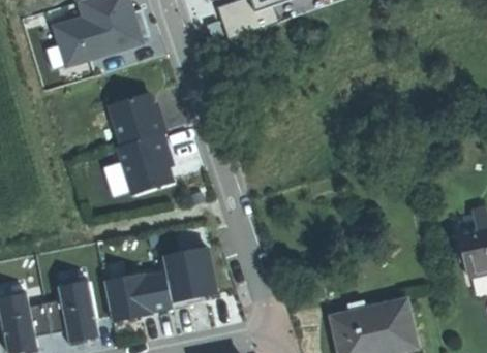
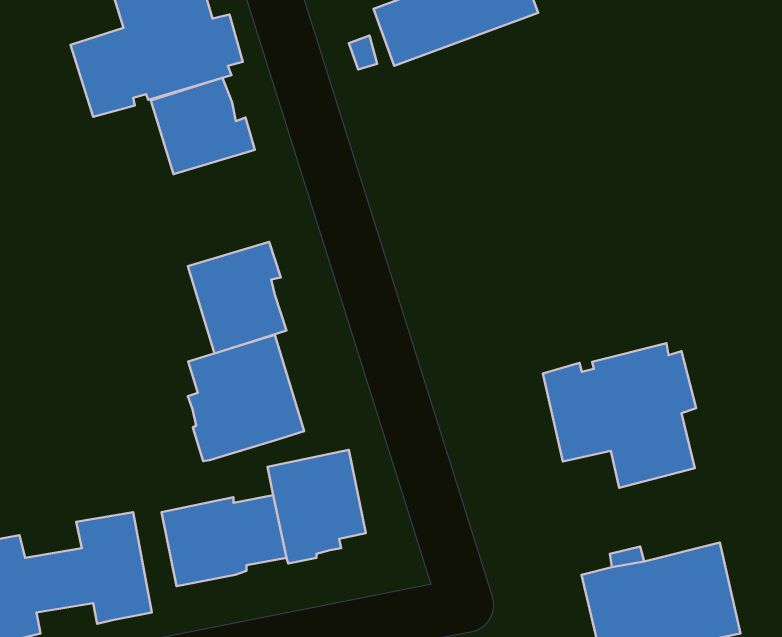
building: [108,94,164,147] -> [151,78,255,174]
building: none -> [188,335,304,461]
building: none -> [543,343,696,488]

